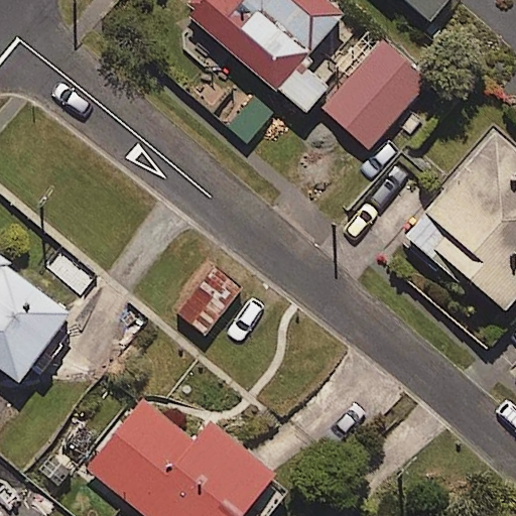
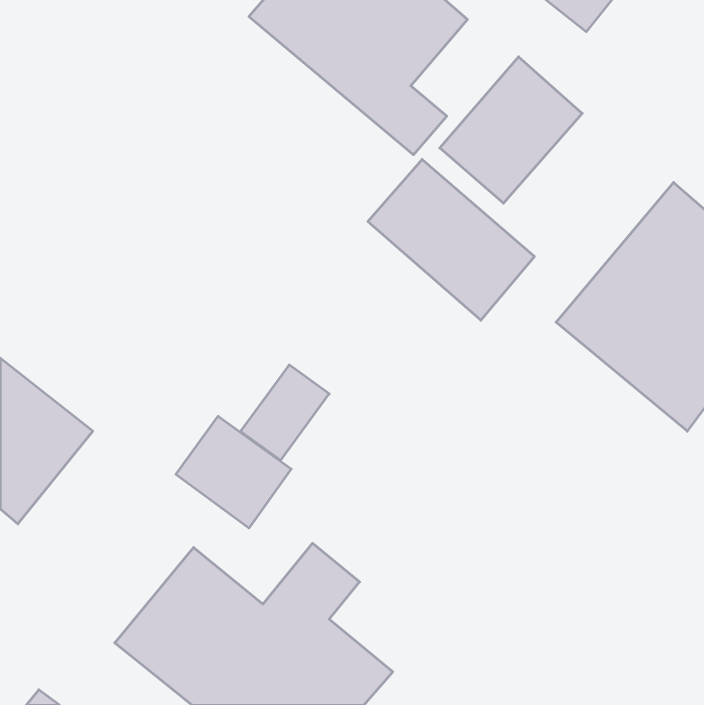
building: none -> [368,159,534,320]
building: none -> [176,416,291,528]

